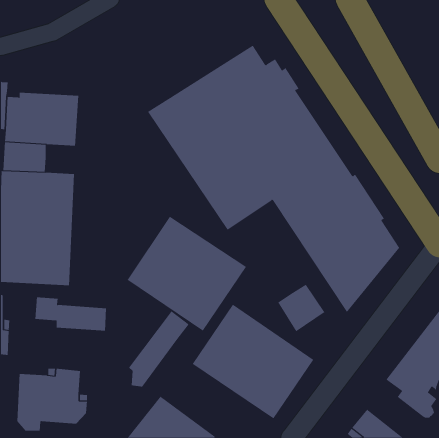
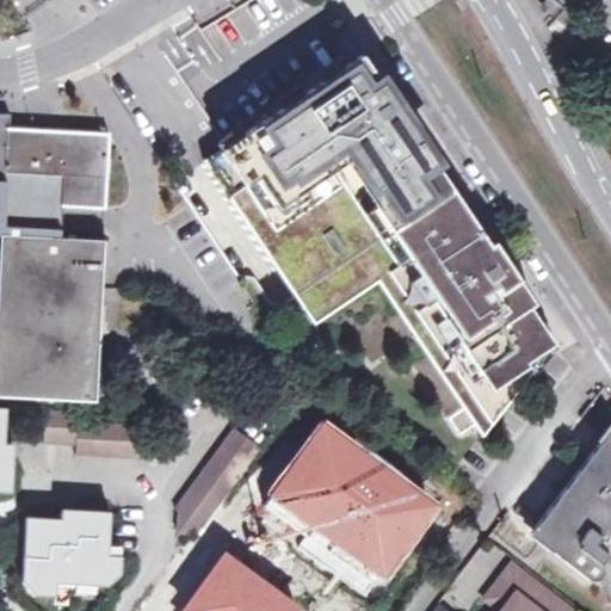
building: [127,216,247,331] -> none
building: [277,284,325,332] -> none

